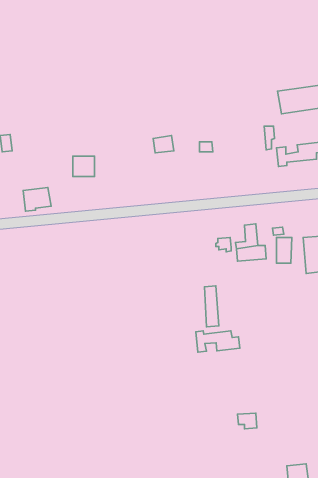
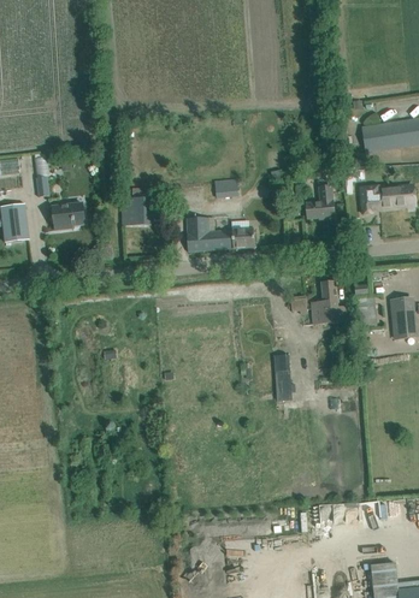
building: none -> [306,186,334,219]
building: none -> [187,217,254,251]
building: [23,188,51,211] -> [52,202,84,230]
building: [196,331,240,352] -> none

